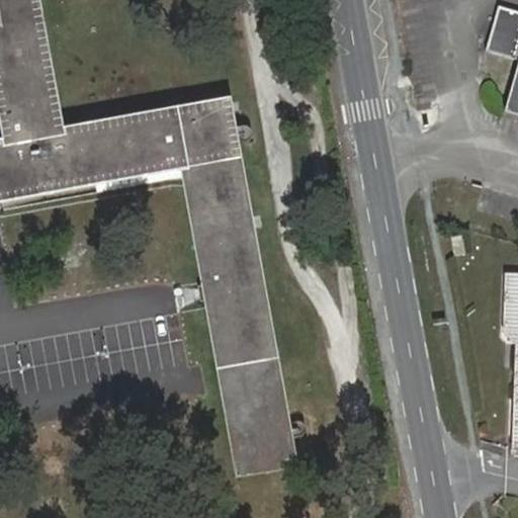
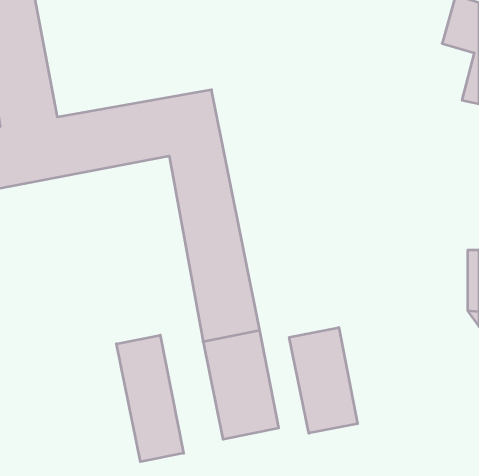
building: none -> [289,327,358,433]
building: none -> [116,335,184,462]

